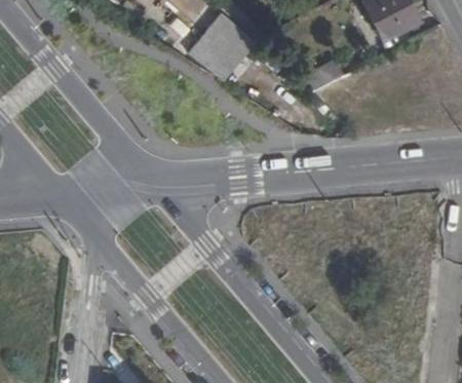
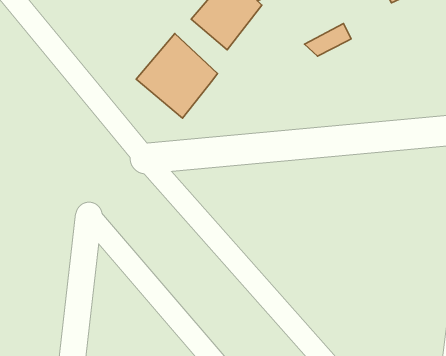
building: none -> [136,33,218,118]

